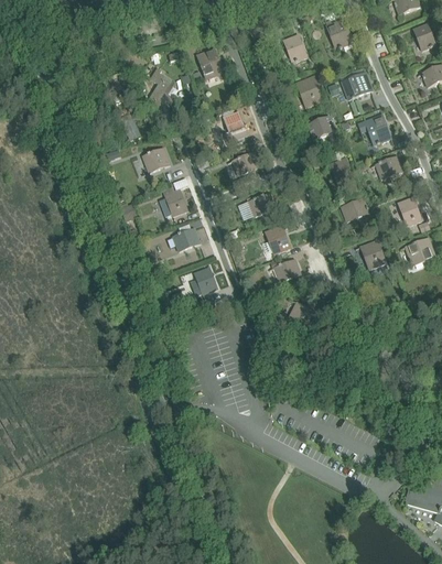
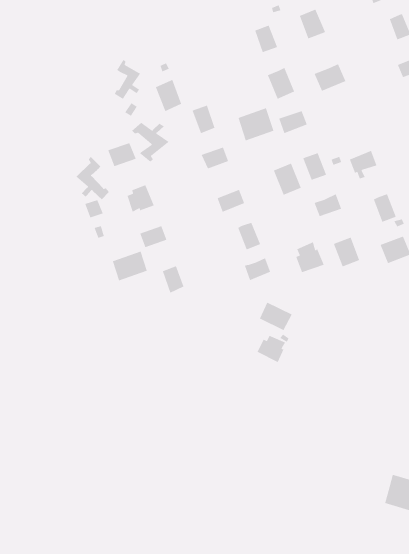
building: [196,47,223,79] -> [155,79,182,112]
building: none -> [237,107,274,142]
building: [357,115,390,144] -> none
building: none -> [131,122,170,162]
building: none -> [76,156,110,200]
building: none -> [273,163,302,196]
building: none -> [295,241,325,273]
building: none -> [112,250,148,281]
building: none -> [257,335,286,363]

